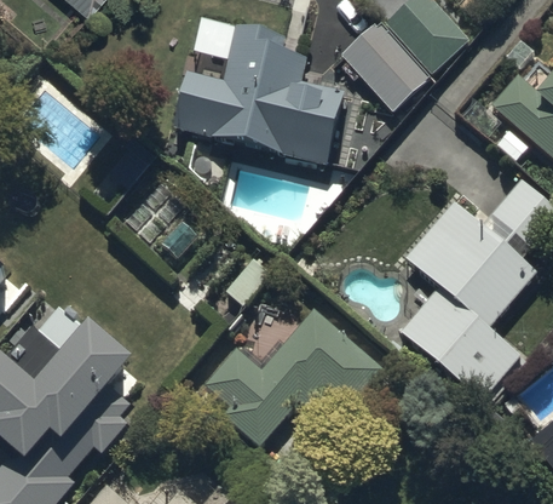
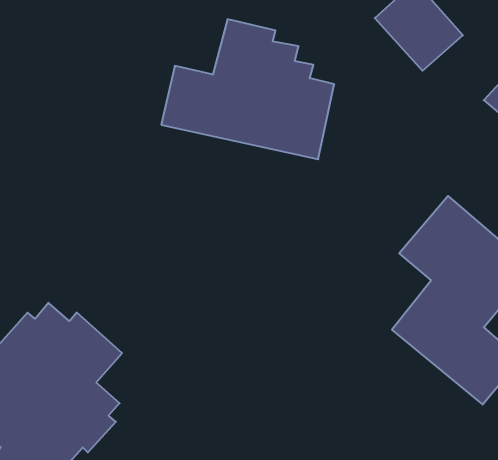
building: [341,19,430,110] -> none
building: [203,309,381,446] -> none

